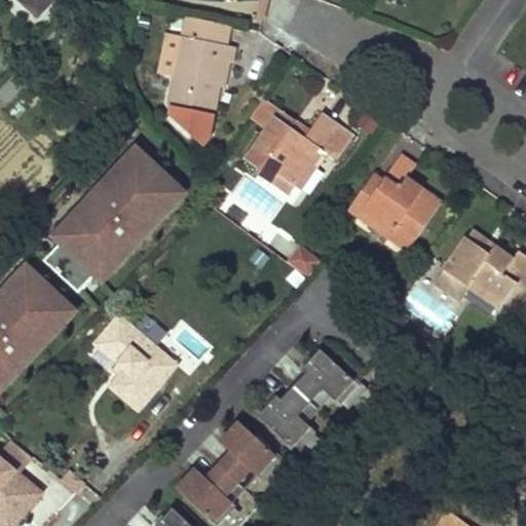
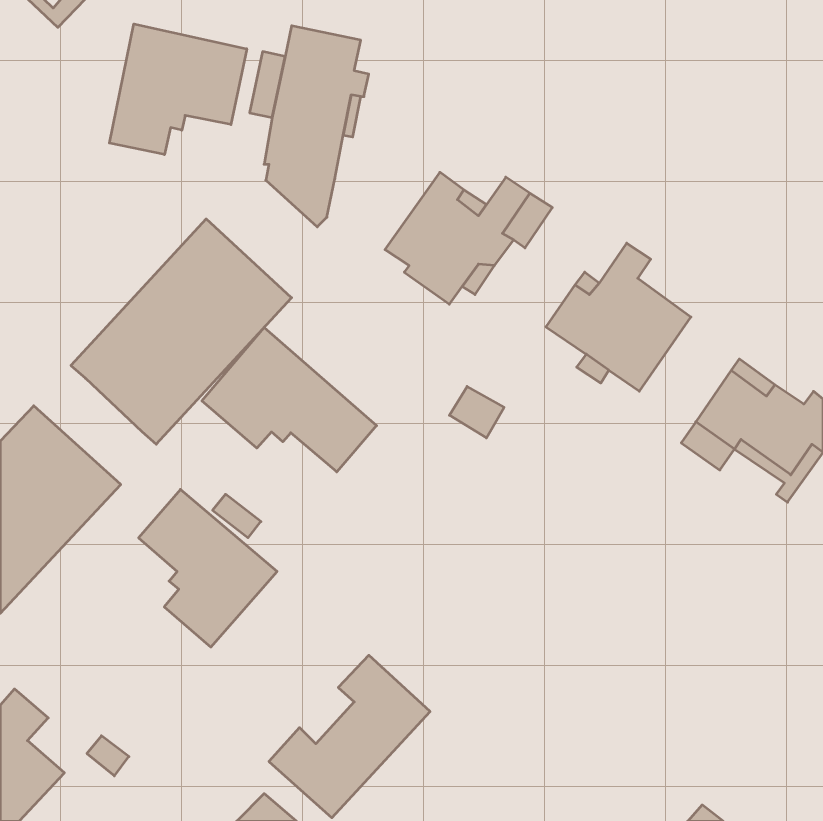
building: none -> [109,24,247,155]
building: none -> [202,327,377,472]
building: [39,241,90,292] -> none
building: [254,347,350,447] -> none

